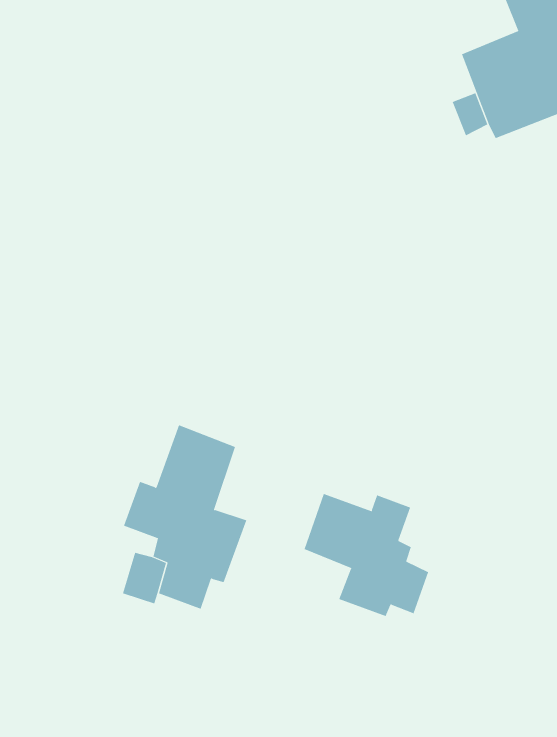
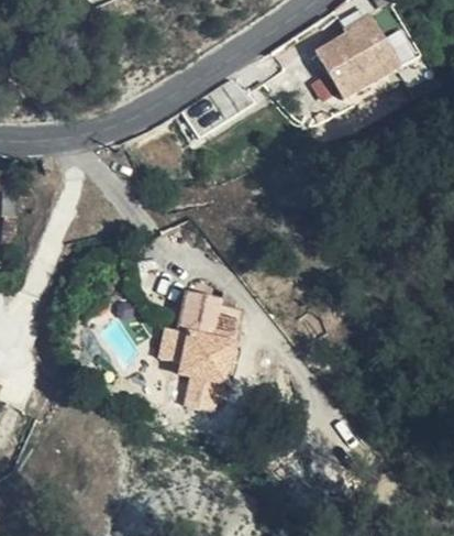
building: [304,493,429,617] -> none

